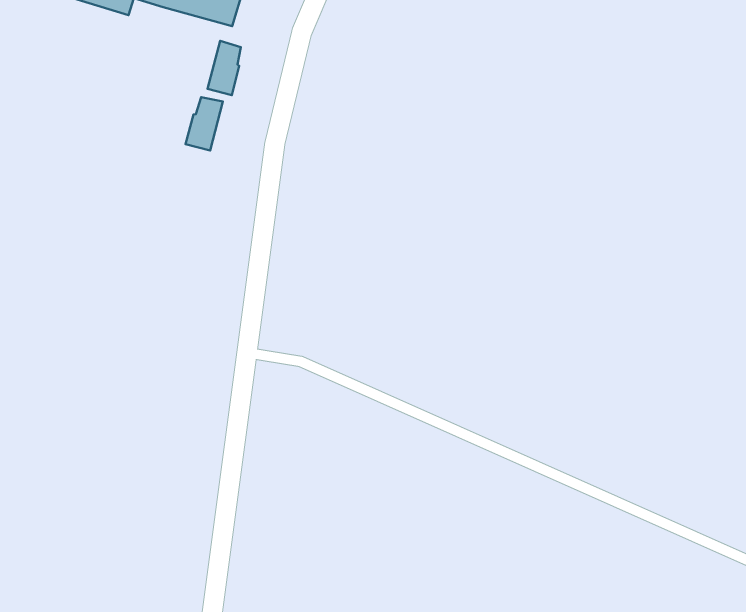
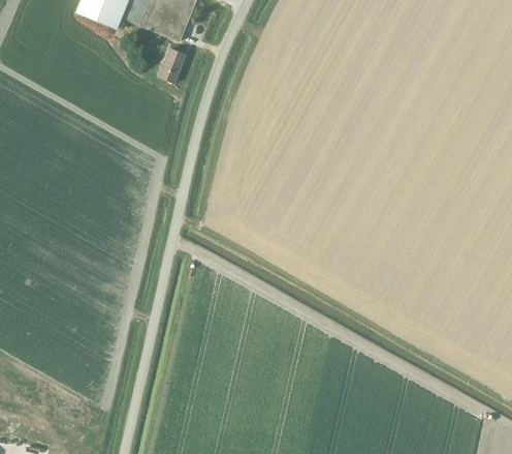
building: [186,97,223,151] -> none

